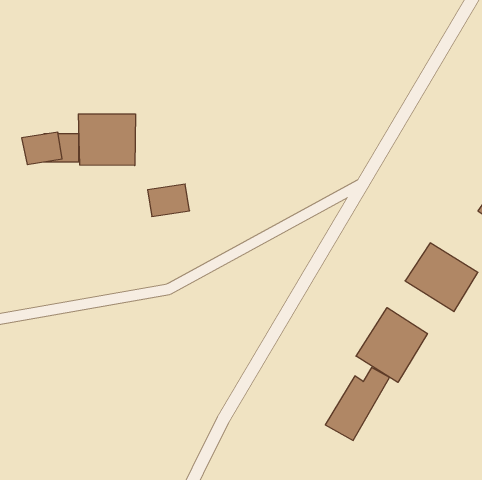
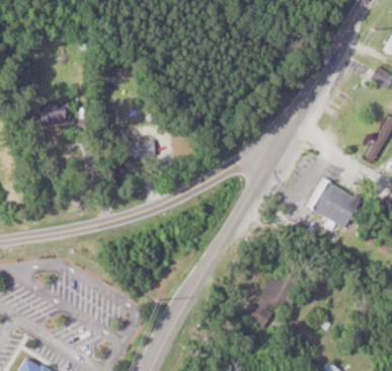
building: [78,114,135,166] -> none
building: [356,308,427,382] -> none

